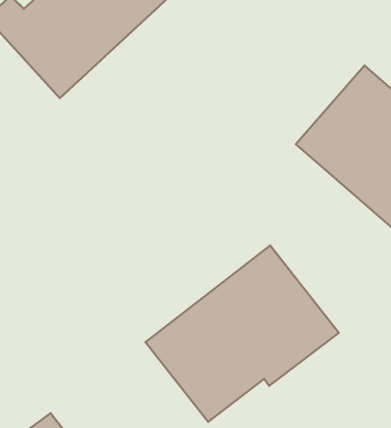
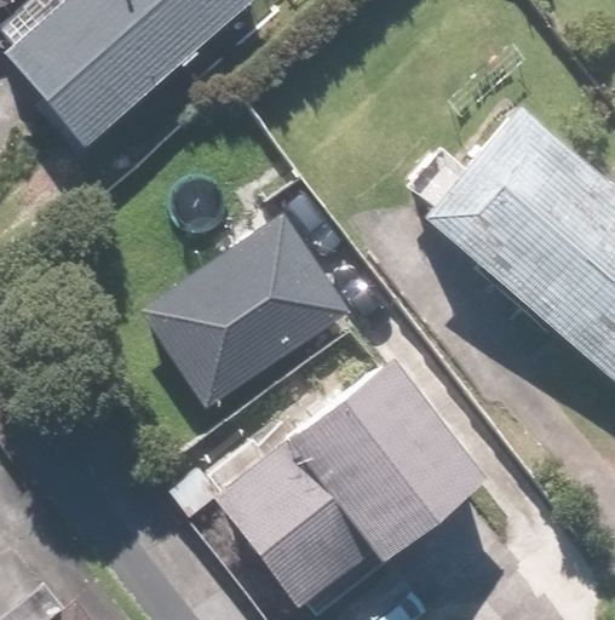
building: none -> [138,214,350,414]

